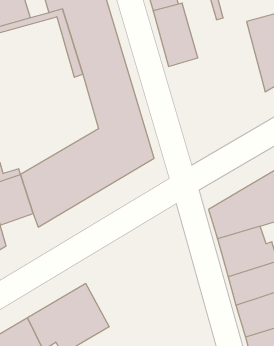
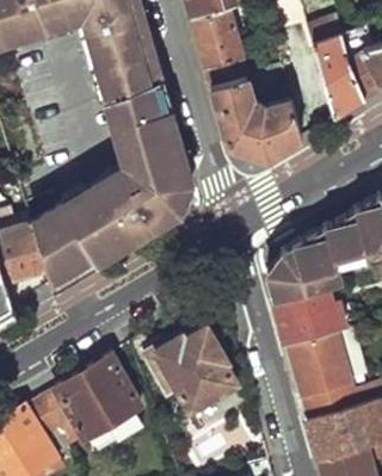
building: none -> [214,79,302,160]
building: none -> [143,327,236,408]

